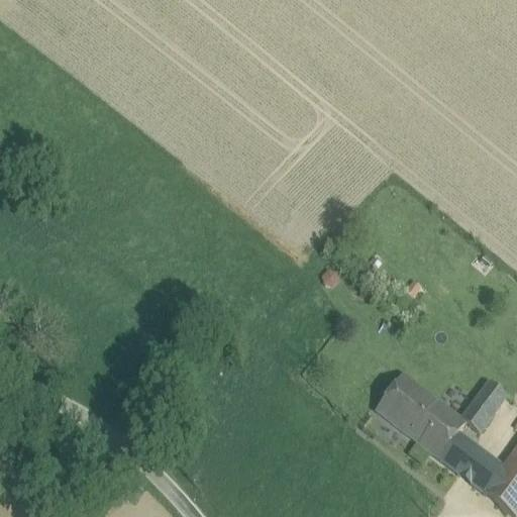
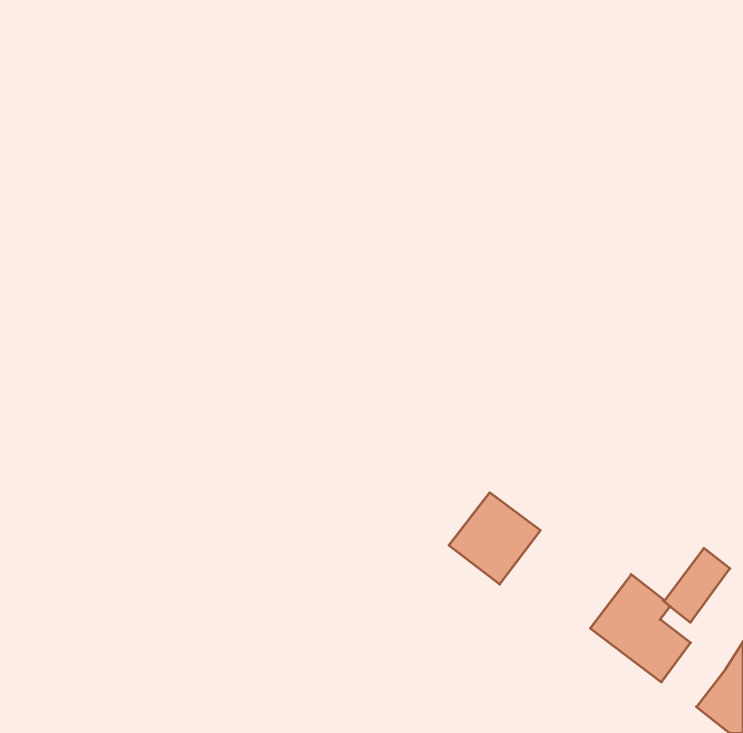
building: [375,373,438,436] -> [449,493,540,584]
building: [459,446,504,491] -> none

